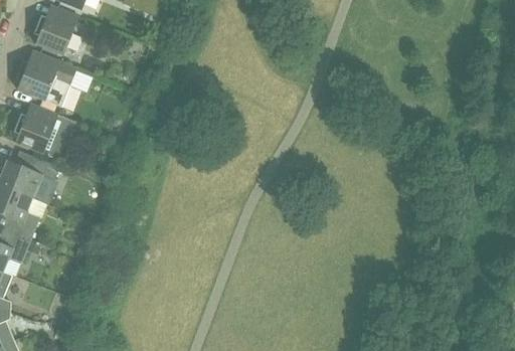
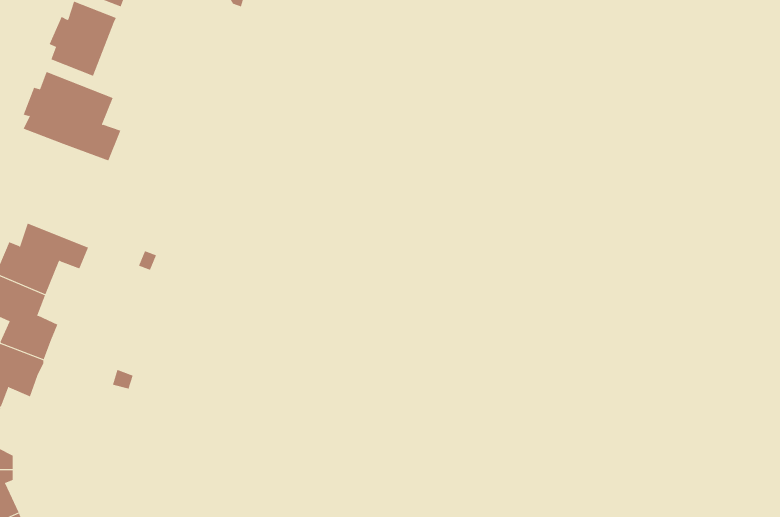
building: [14,104,78,157] -> none

